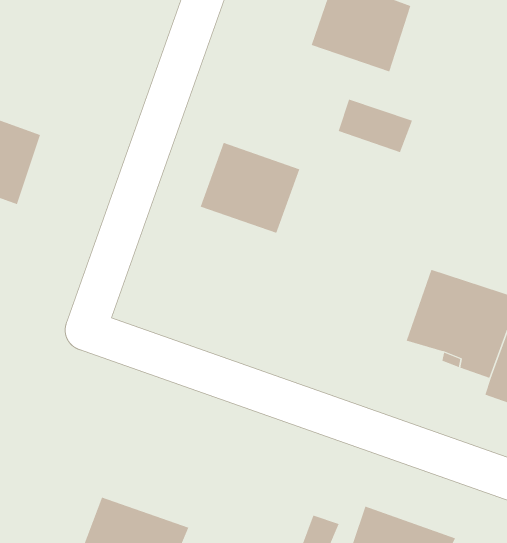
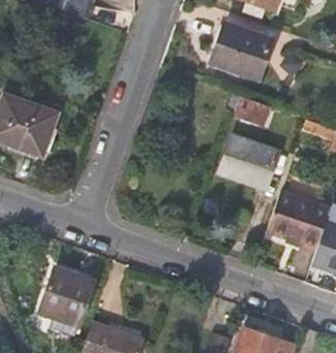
building: [200,142,300,234] -> [220,136,277,189]
building: none -> [39,266,93,336]

